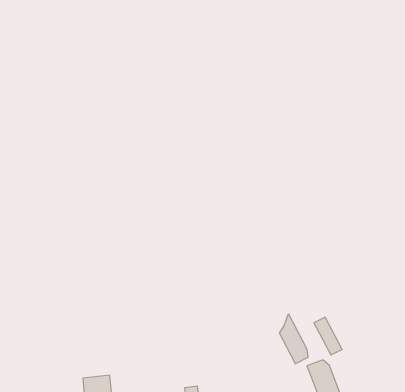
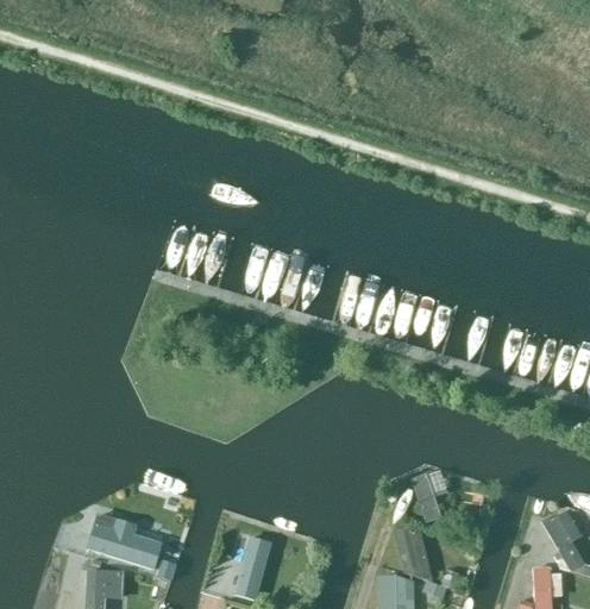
building: [280,314,308,364] -> none

